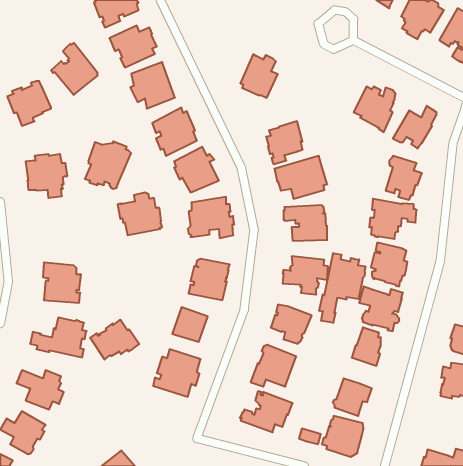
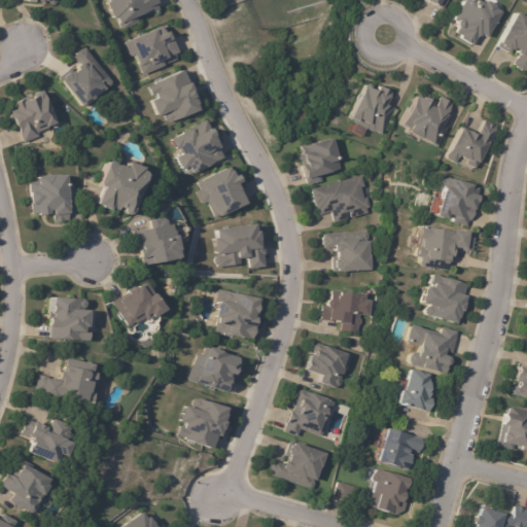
building: [240,54,278,98] -> [353,85,395,135]
building: [319,253,365,323] -> none
building: [90,320,139,360] -> [115,282,171,327]

